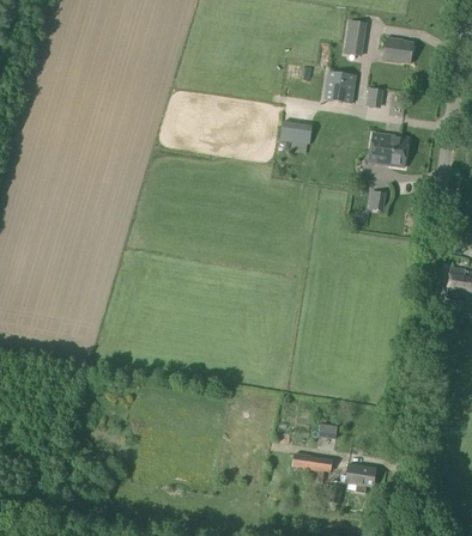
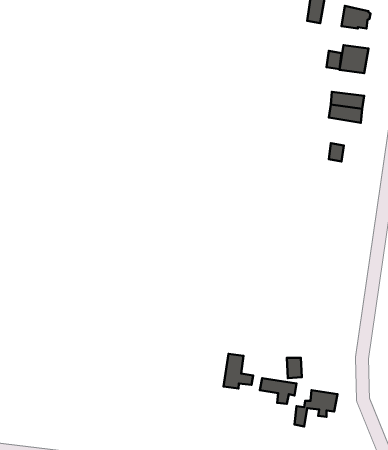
building: [323,71,356,102] -> [339,45,368,73]
building: [279,121,311,144] -> none
building: none -> [223,354,253,389]

